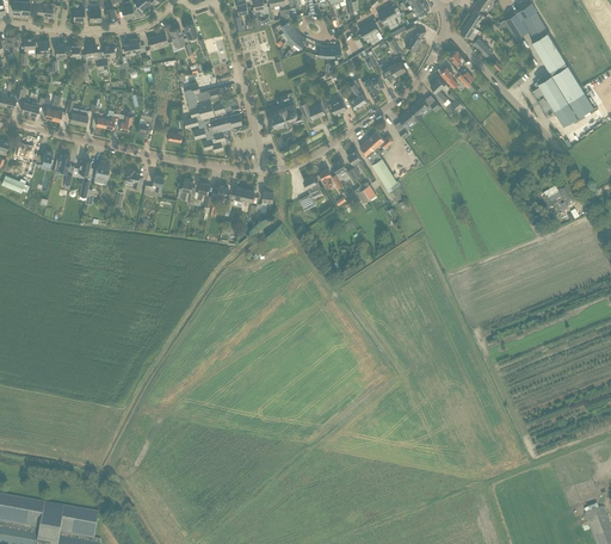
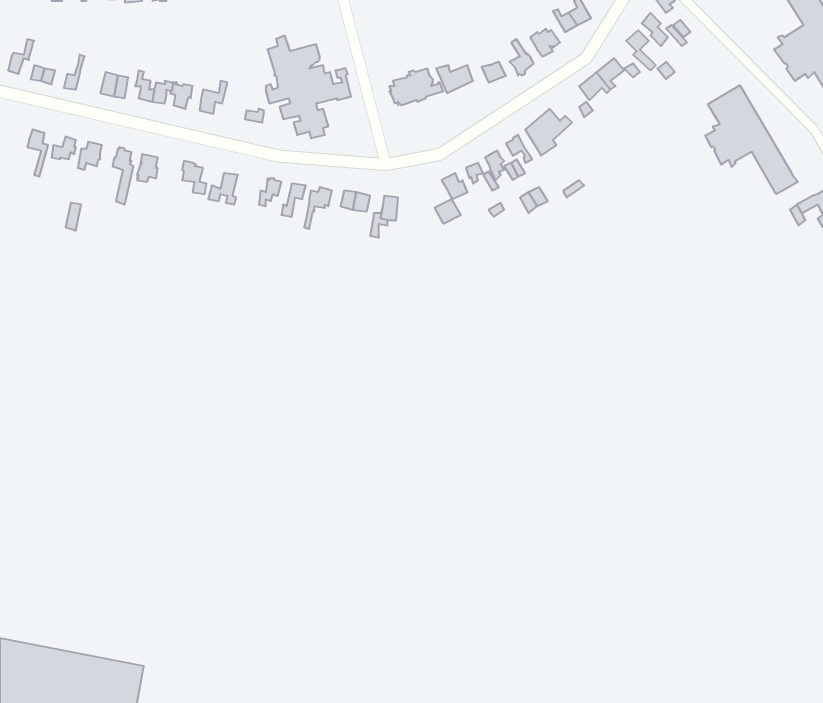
building: none -> [705,85,798,194]

